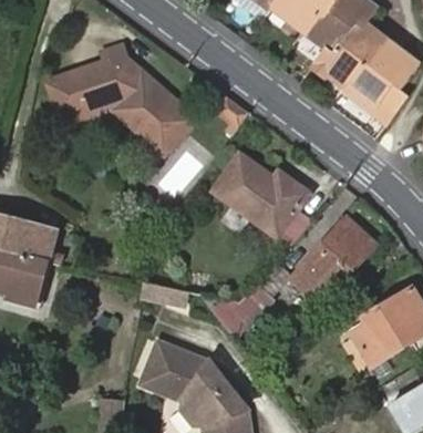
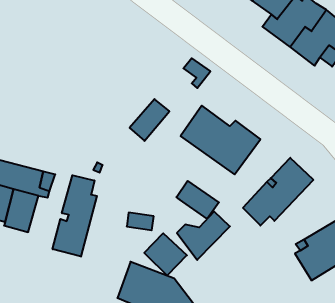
building: [38,44,195,154] -> none
building: none -> [53,175,97,257]
building: none -> [176,181,219,219]
building: none -> [144,233,187,276]

